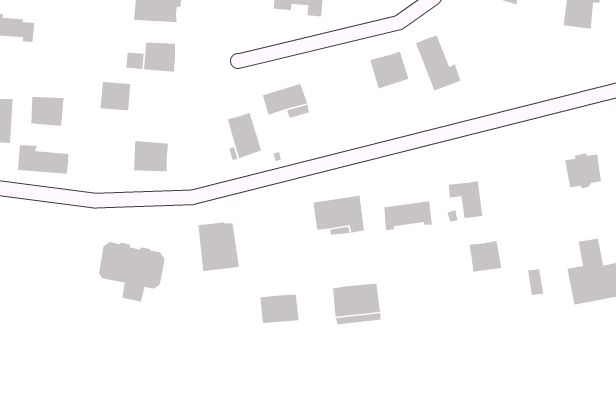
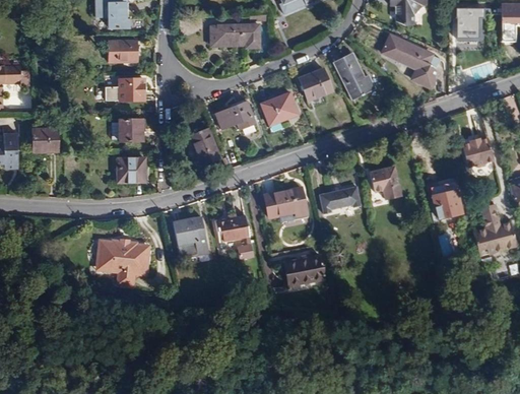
building: none -> [379,34,436,87]
building: none -> [260,91,298,125]
building: [100,81,131,111] -> [119,119,142,141]
building: [17,144,69,175] -> none
building: [469,240,502,272] -> [433,190,461,217]
building: [259,294,299,324] -> [215,215,249,242]

